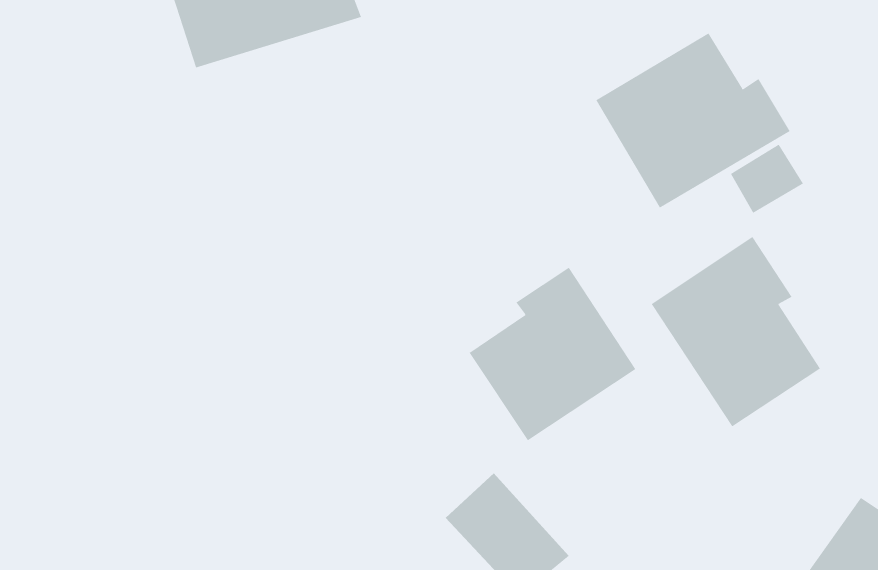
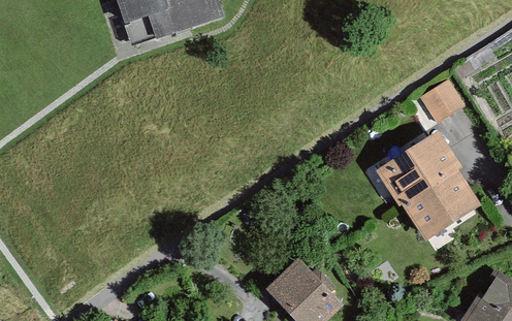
building: [595,33,790,209] -> none
building: [469,267,636,441] -> none

